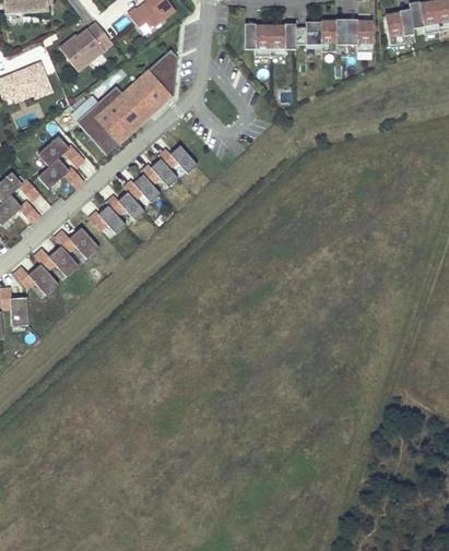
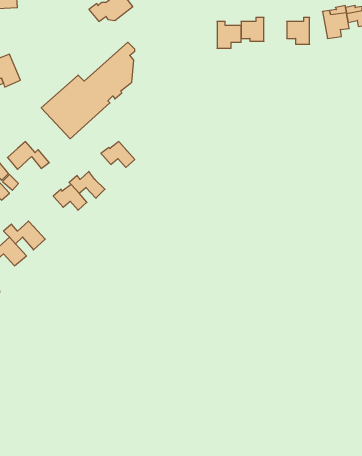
building: [60,22,114,71] -> none
building: [320,22,345,51] -> none
building: [244,26,269,56] -> none
building: [38,135,84,167] -> none
building: [158,145,198,173] -> none
building: [123,173,161,202] -> none
building: [55,227,99,259] -> none

